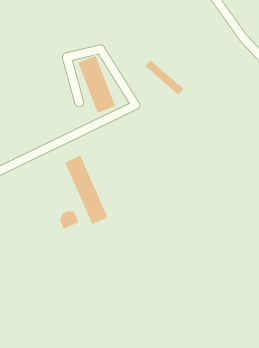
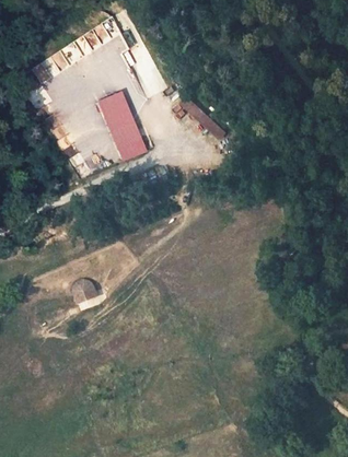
building: [64,155,108,225] -> none

